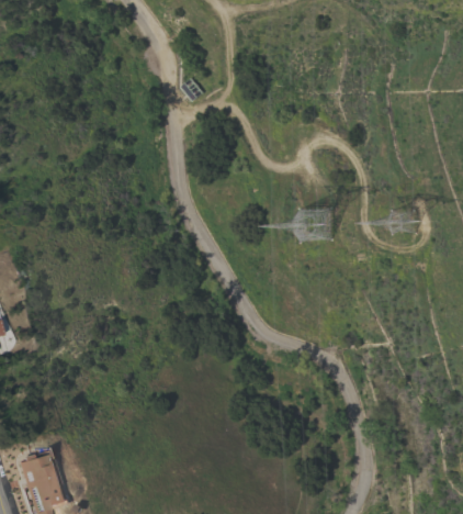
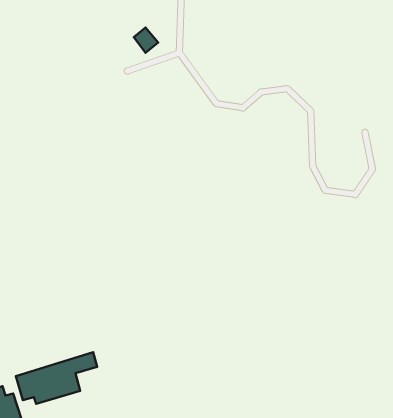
building: none -> [16,352,97,404]

